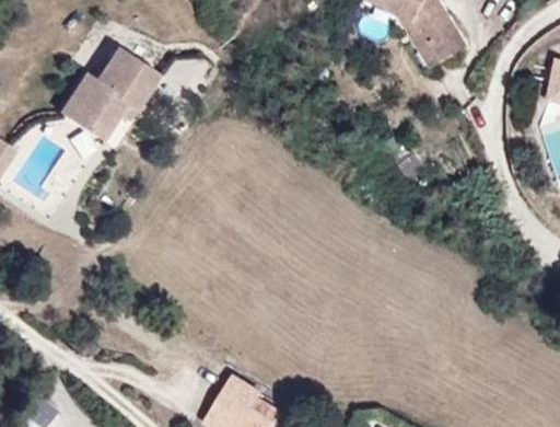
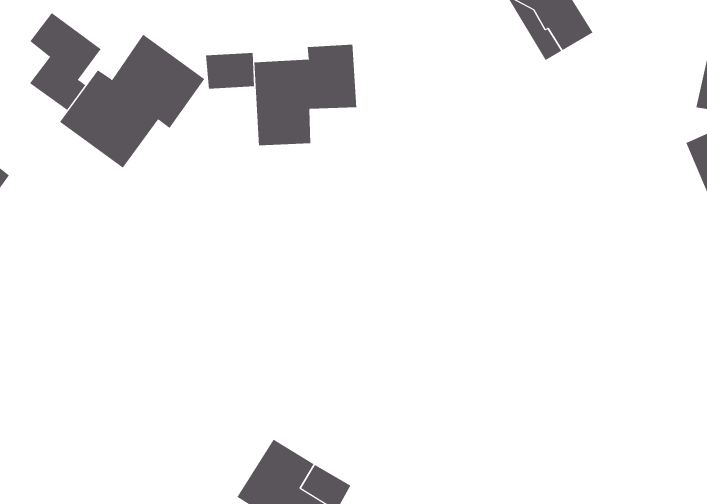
building: none -> [29,12,102,111]
building: none -> [254,44,357,146]

